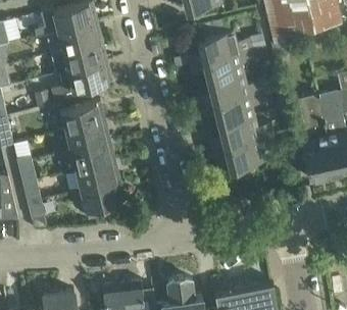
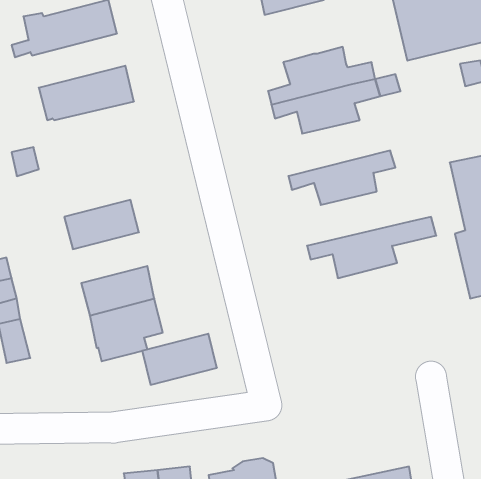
building: [46,22,102,55] -> none
building: [50,63,112,104] -> none
building: [198,74,261,108] -> none
building: [60,102,105,133] -> none
building: [209,117,272,150] -> none
building: [70,142,115,172] -> [142,334,217,385]

